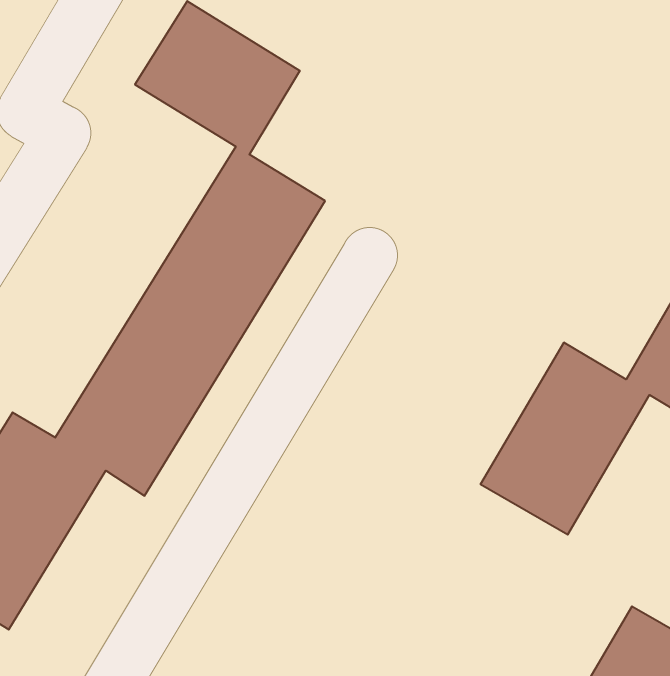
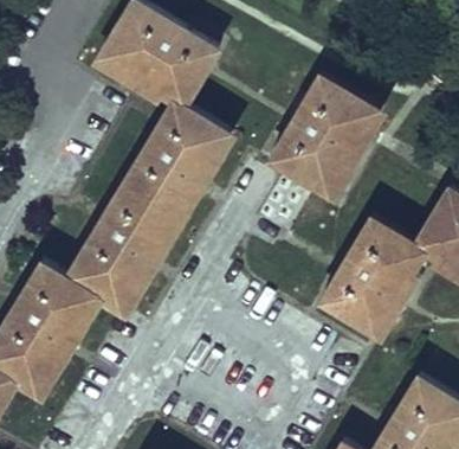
building: none -> [269,72,381,194]

